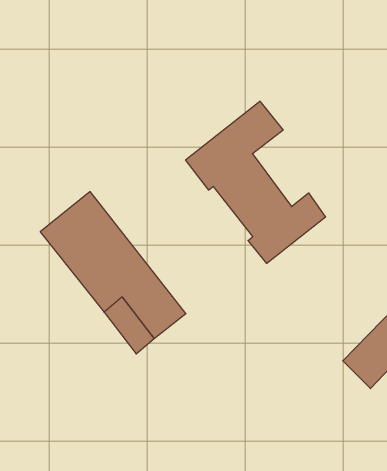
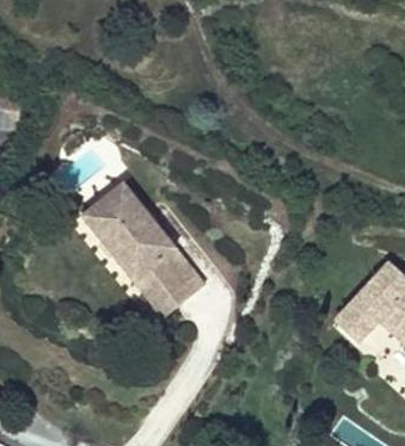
building: [186,101,326,263] -> none

